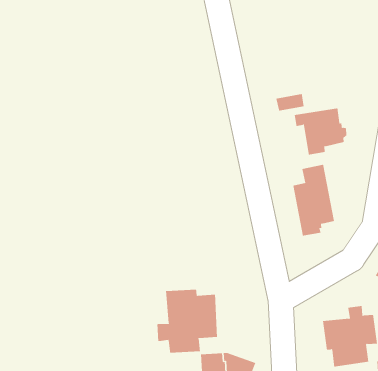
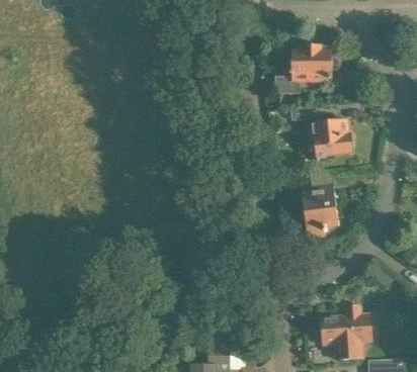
building: none -> [276,45,338,93]
building: [157,289,217,354] -> none

